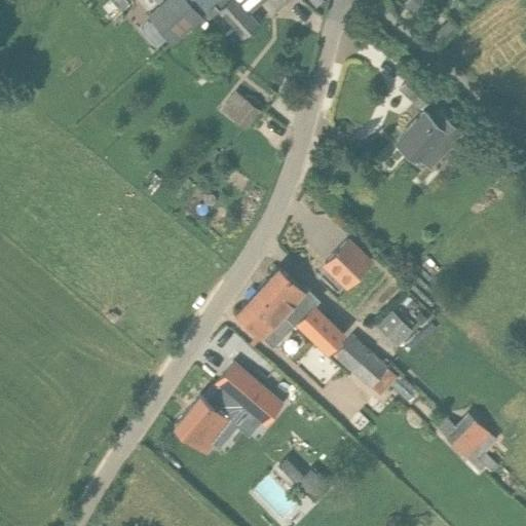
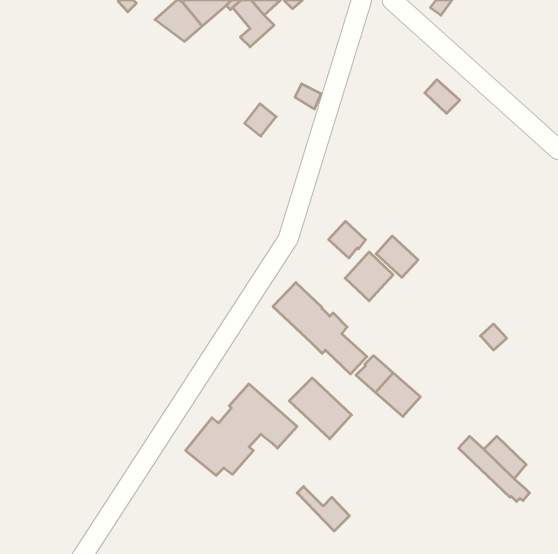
building: [397,113,461,167] -> none
building: none -> [329,221,366,258]
building: none -> [376,236,418,277]
building: [235,292,294,349] -> [289,378,352,439]
building: [378,308,416,346] -> none

